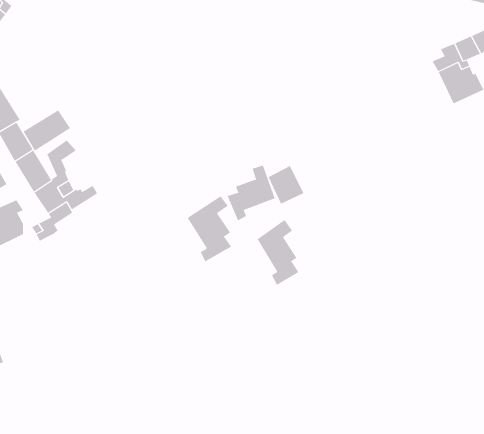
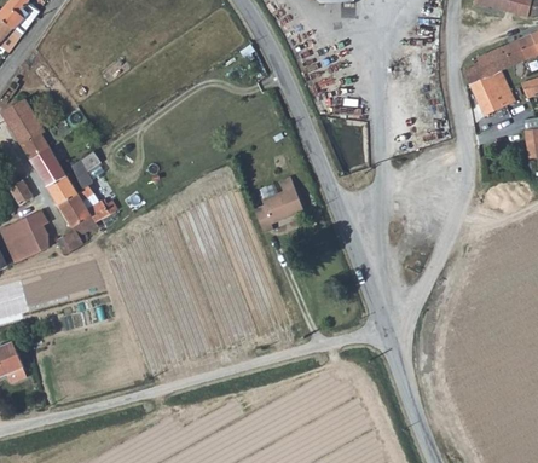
building: [23,109,71,151] -> none
building: [268,165,304,204] -> none
building: [187,195,232,262] -> none
building: [257,219,299,286] -> none

